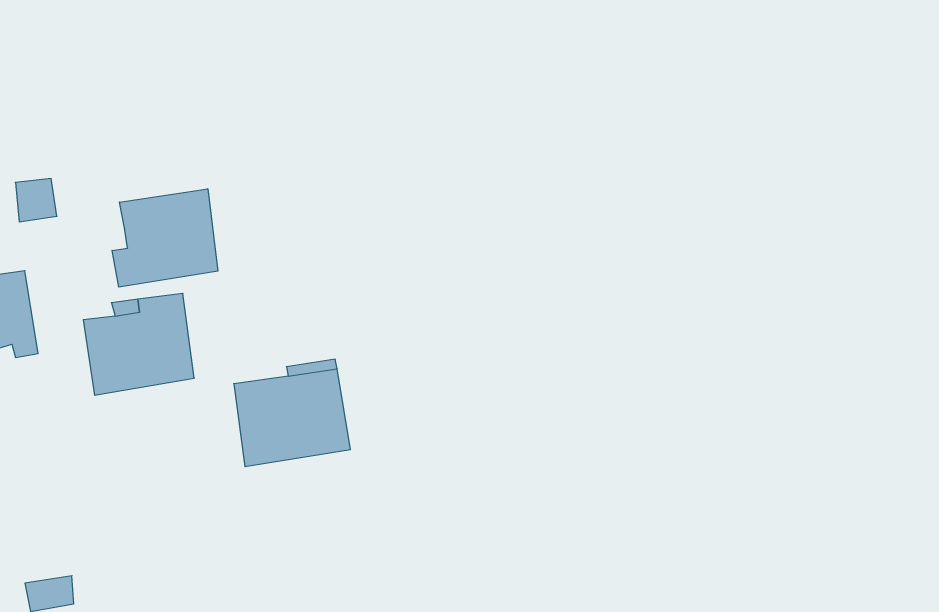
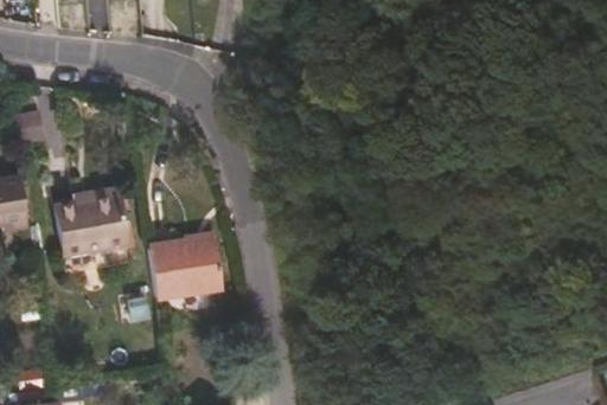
building: [112,189,218,287] -> none

